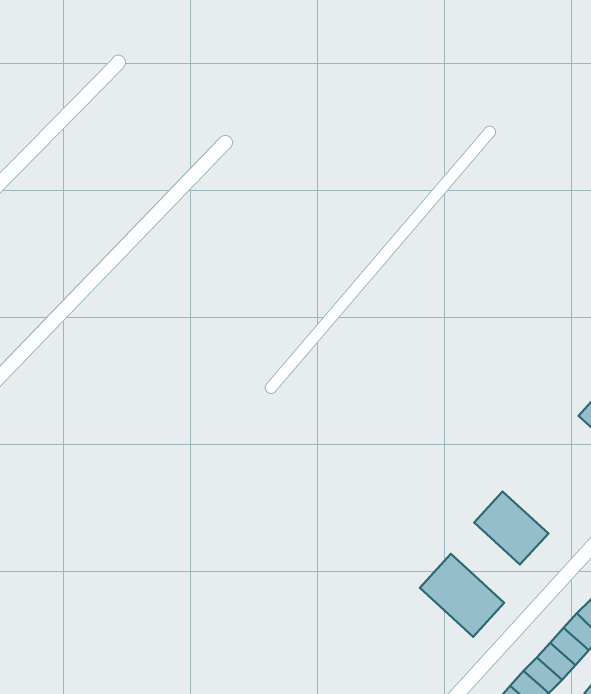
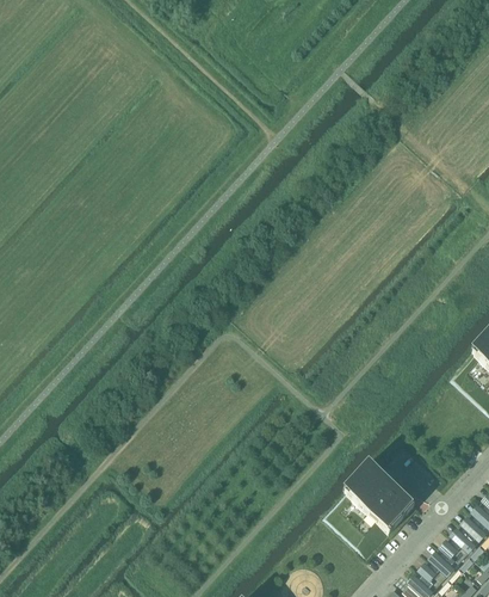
building: [474,492,548,565] -> none

